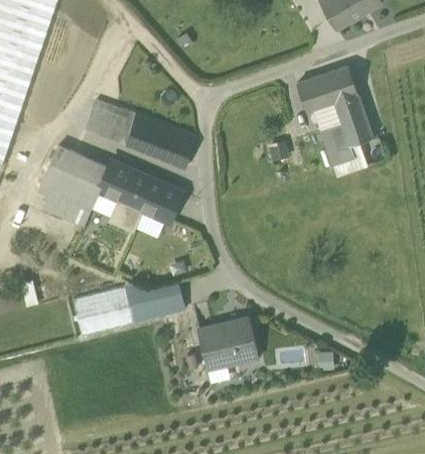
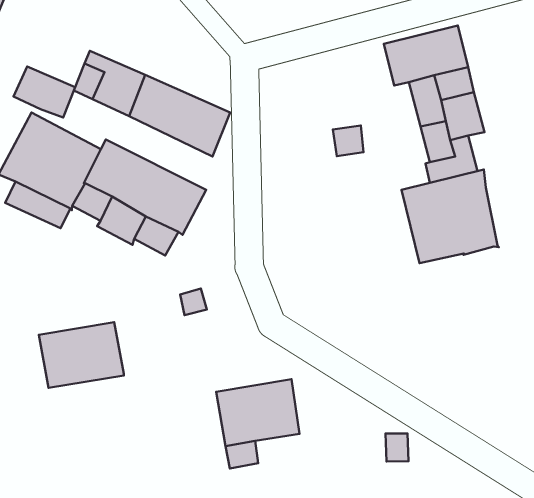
building: none -> [13,66,75,118]
building: none -> [402,170,499,263]
building: [125,282,186,322] -> none

